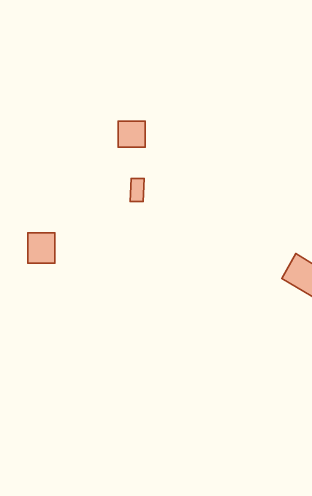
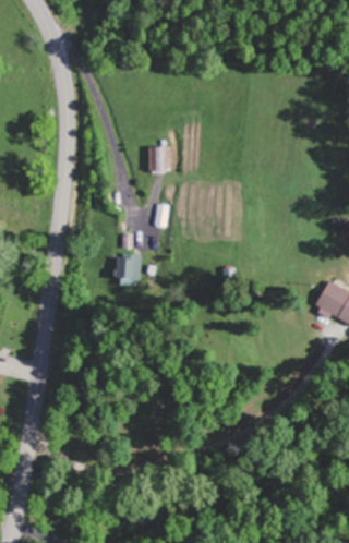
building: [28,233,55,263] -> [116,253,143,283]

